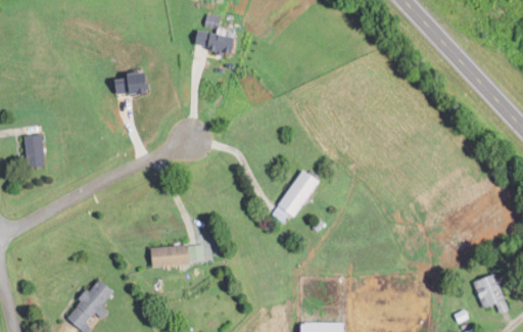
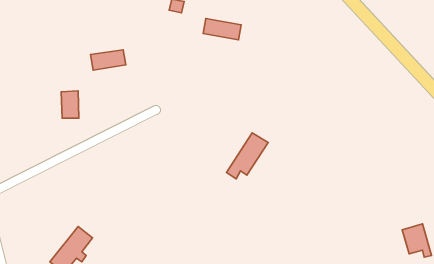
building: [193,30,237,54] -> [203,19,241,40]
building: [23,135,44,167] -> [61,91,79,118]
building: [150,243,203,266] -> none

